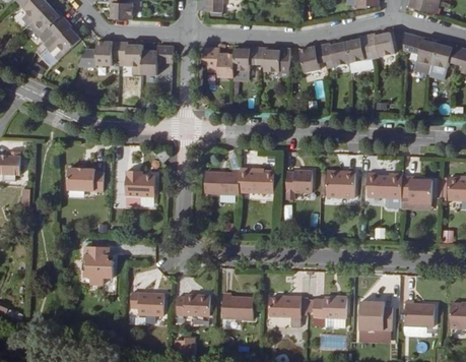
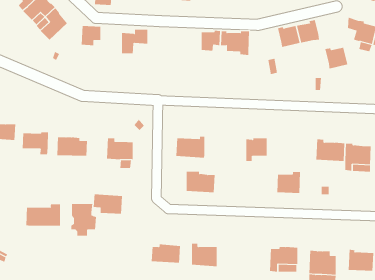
building: [367,32,394,57] -> [325,47,348,69]
building: [118,42,141,73] -> none
building: [299,44,326,72] -> none
building: [203,47,234,77] -> none
building: none -> [22,131,49,155]
building: [239,168,273,193] -> [186,171,215,193]
building: [326,172,354,197] -> [276,171,301,193]
building: none -> [26,203,61,227]
building: [129,292,163,315] -> [93,194,123,214]
building: [269,297,302,327] -> none

